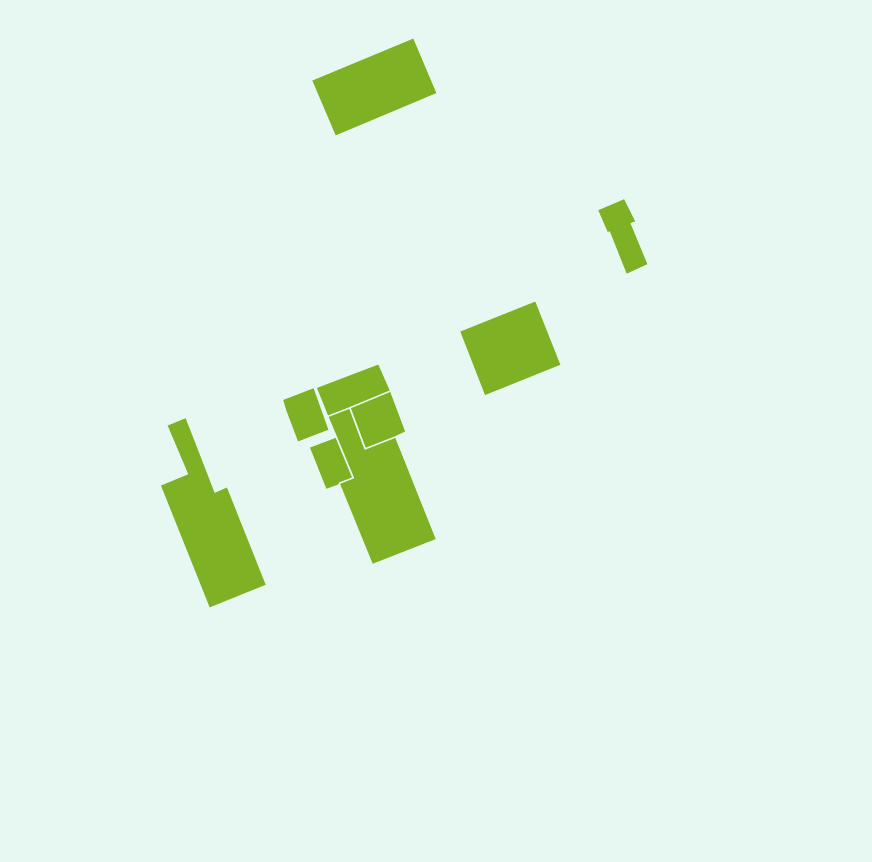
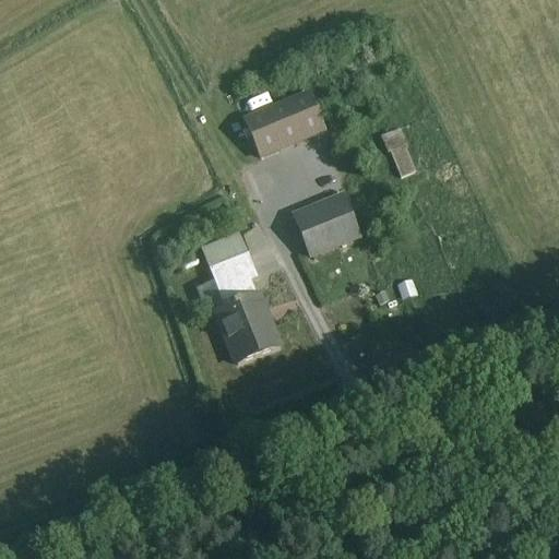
building: [311,37,438,136] -> [245,91,325,154]
building: [282,387,329,443] -> none
building: [160,417,267,609] -> none

